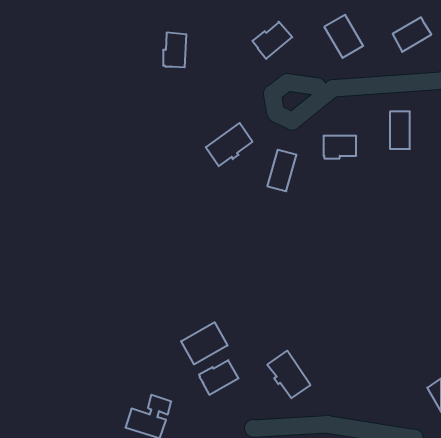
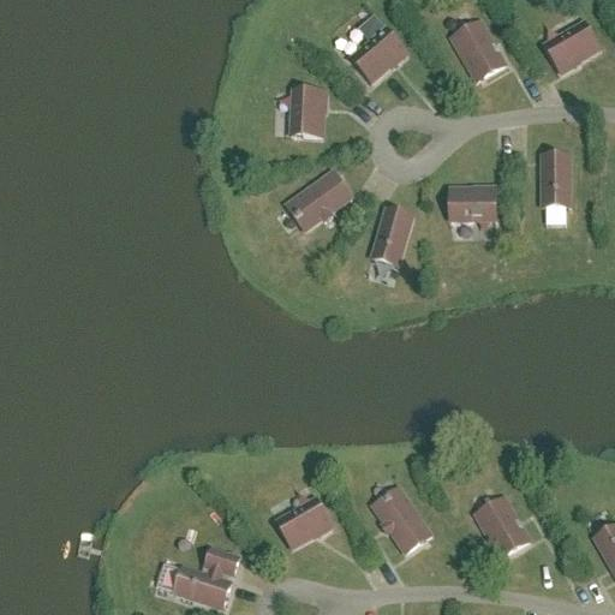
building: [163,33,186,67] -> [291,89,323,137]
building: [181,322,228,364] -> none
building: none -> [474,496,529,557]

